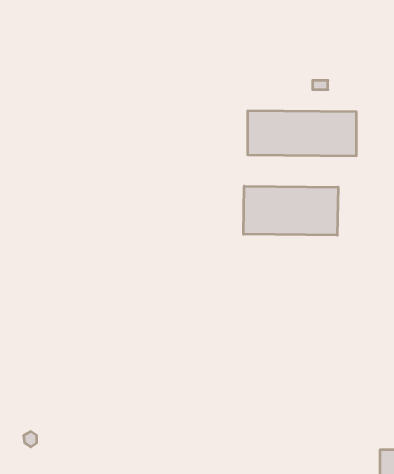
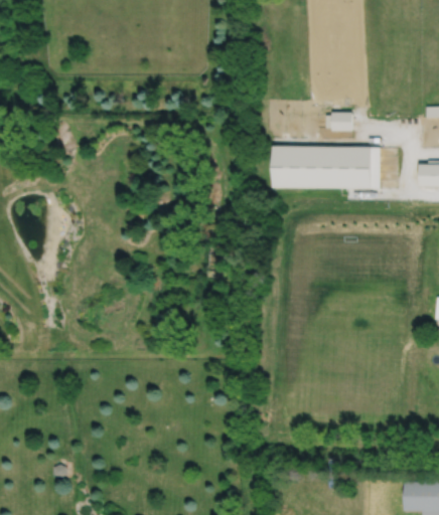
building: [244,186,338,235] -> none

